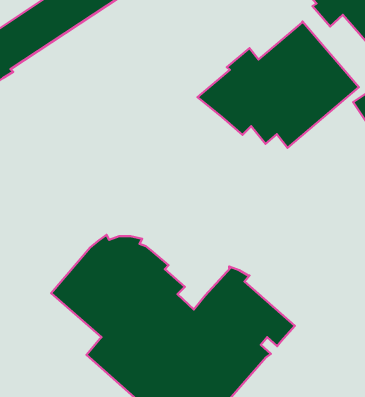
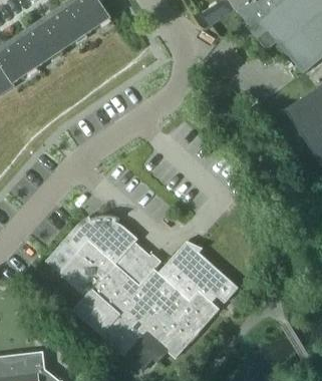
building: [198,21,359,148] -> none

